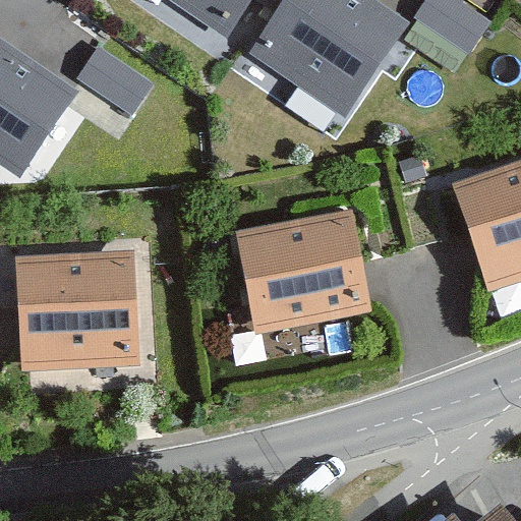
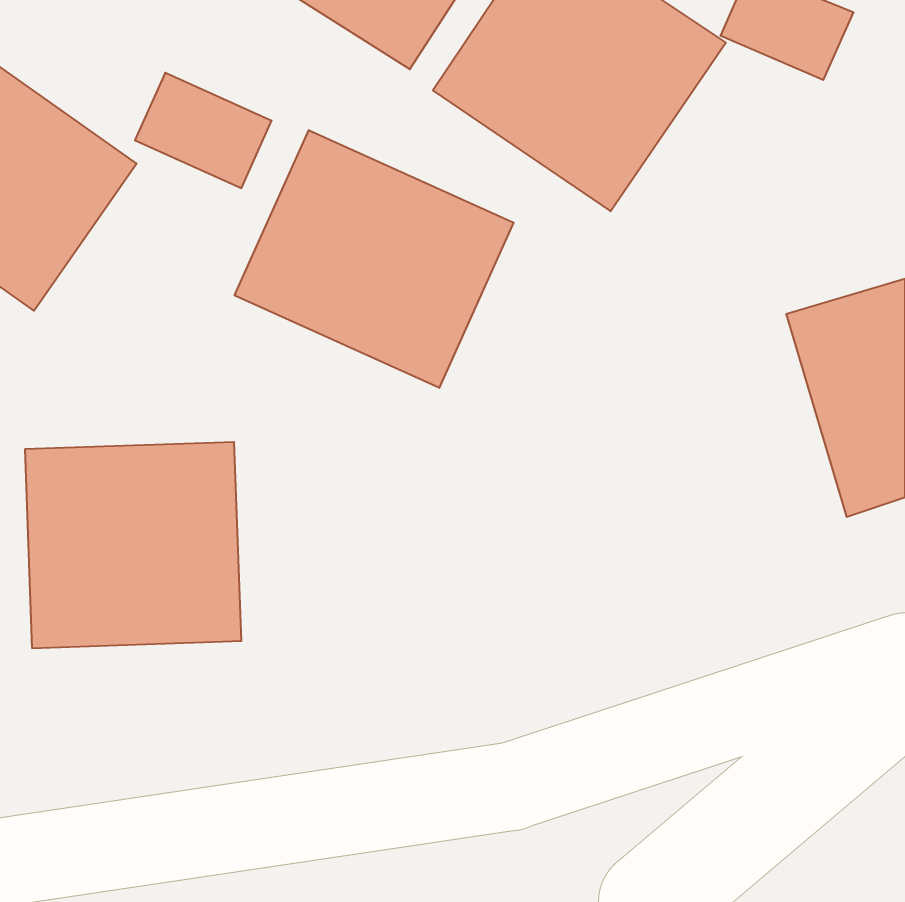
building: none -> [235,130,514,388]
building: [234,208,378,333] -> none

